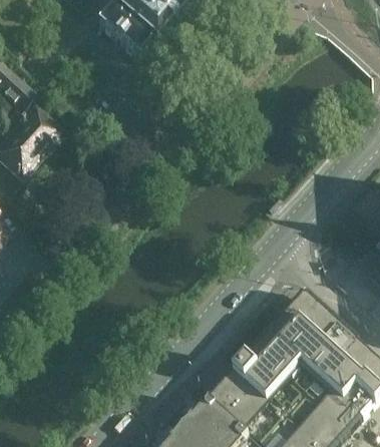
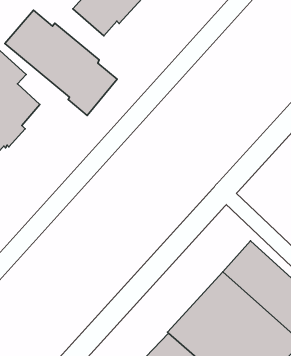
building: none -> [5,10,117,115]

